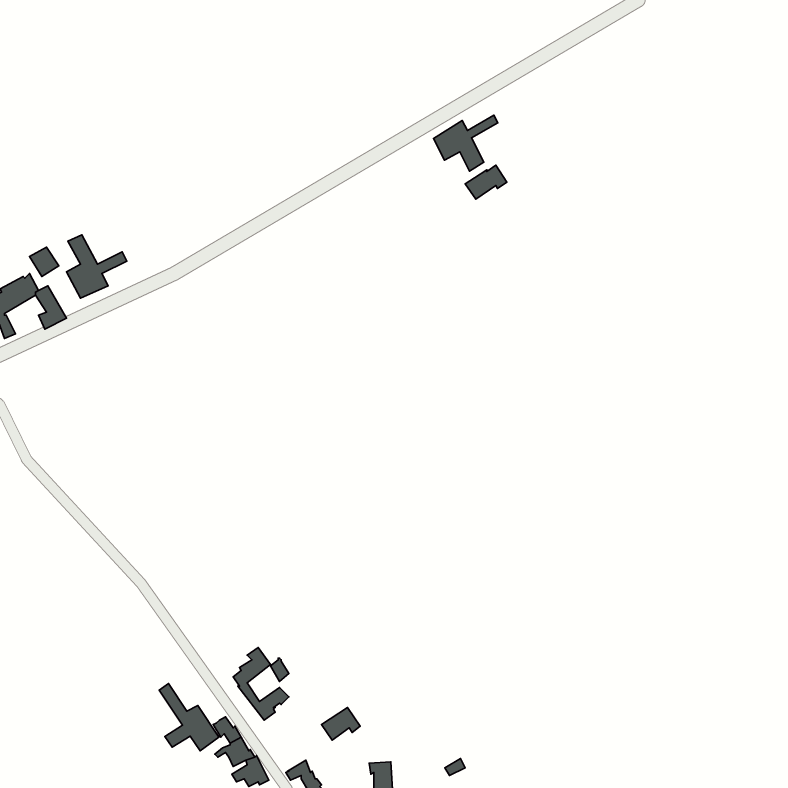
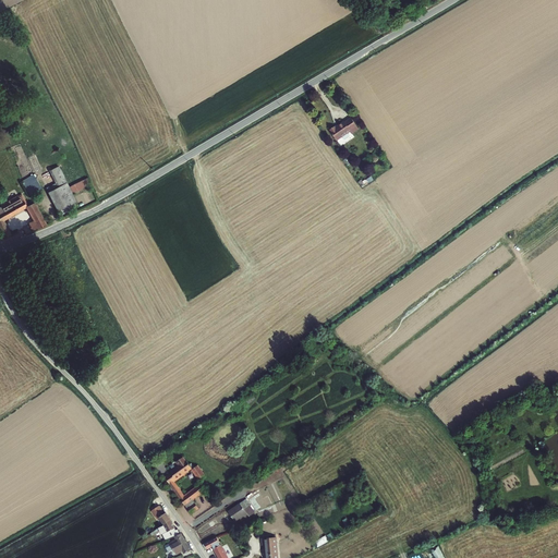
building: [434,115,498,171] -> none
building: [159,683,219,751] -> none

